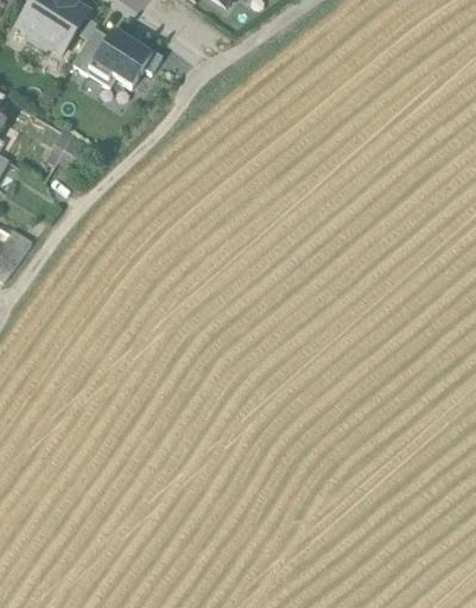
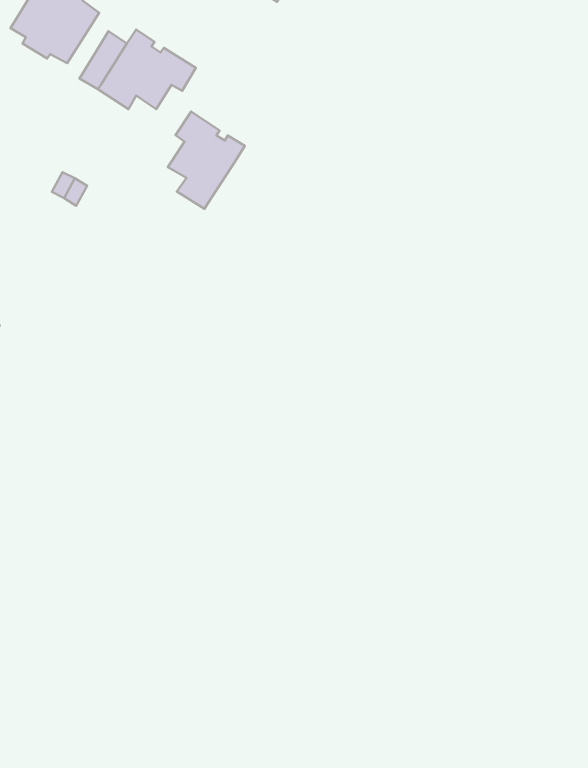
building: none -> [168,112,245,209]

